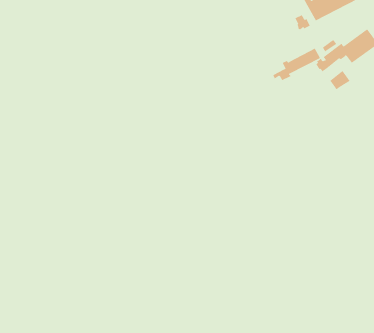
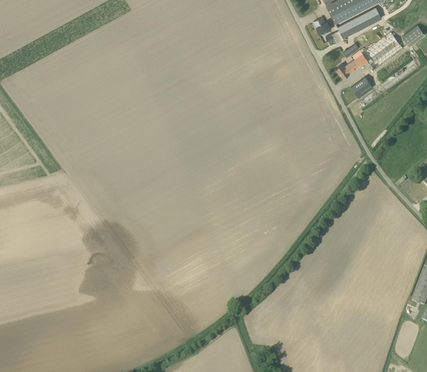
building: [272,48,321,81] -> [326,7,377,42]

